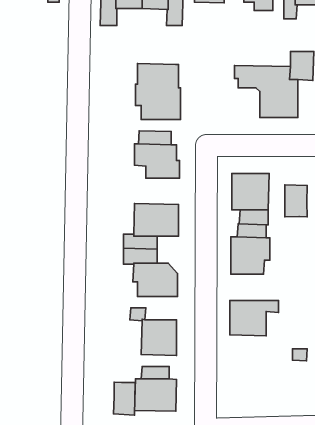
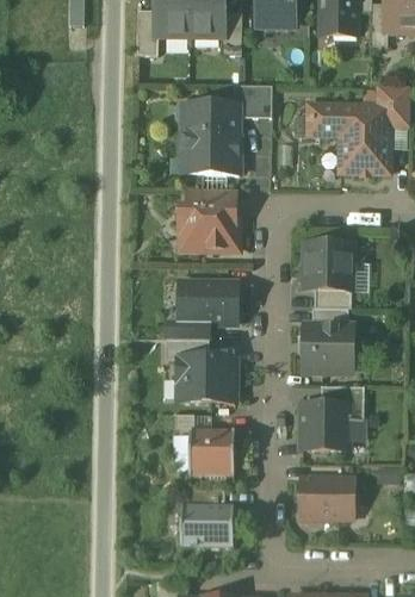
building: none -> [233,85,272,117]
building: [285,185,307,217] -> none
building: none -> [321,386,364,405]
building: none -> [301,478,353,518]
building: [113,382,135,415] -> none

